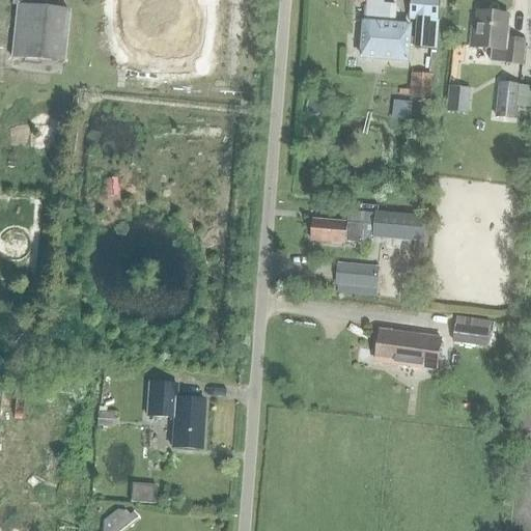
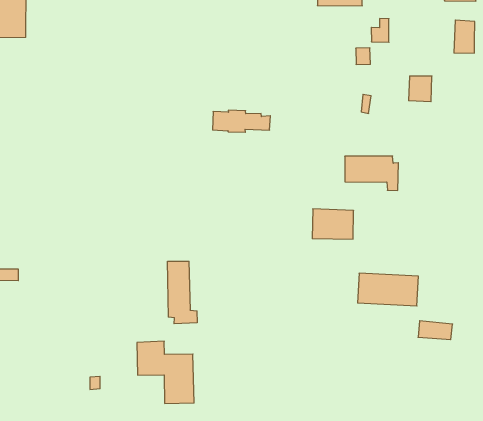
building: [446,82,472,110] -> [409,76,432,102]
building: [311,218,371,242] -> [213,110,270,132]
building: none -> [168,261,197,324]
building: [452,323,488,344] -> [418,321,453,340]

